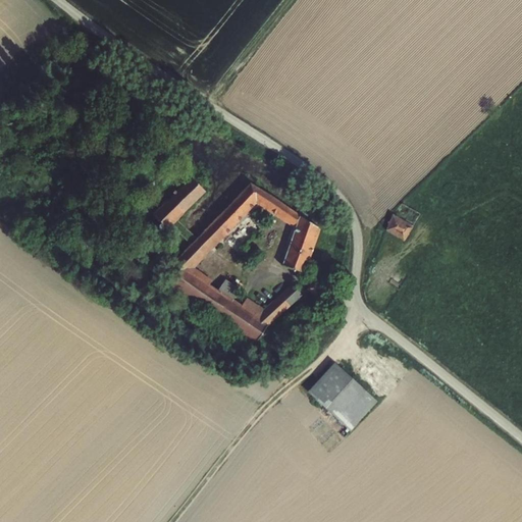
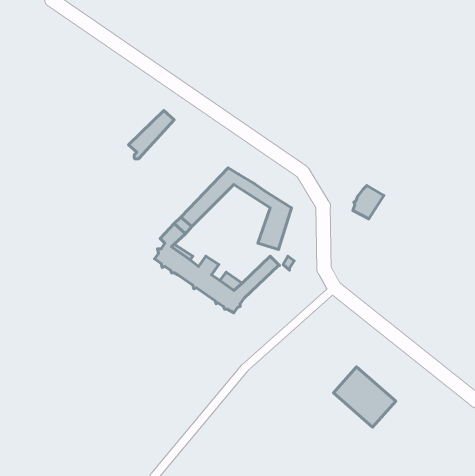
building: [153,177,203,230] -> [128,110,174,159]
building: [308,364,376,430] -> [333,367,396,427]

